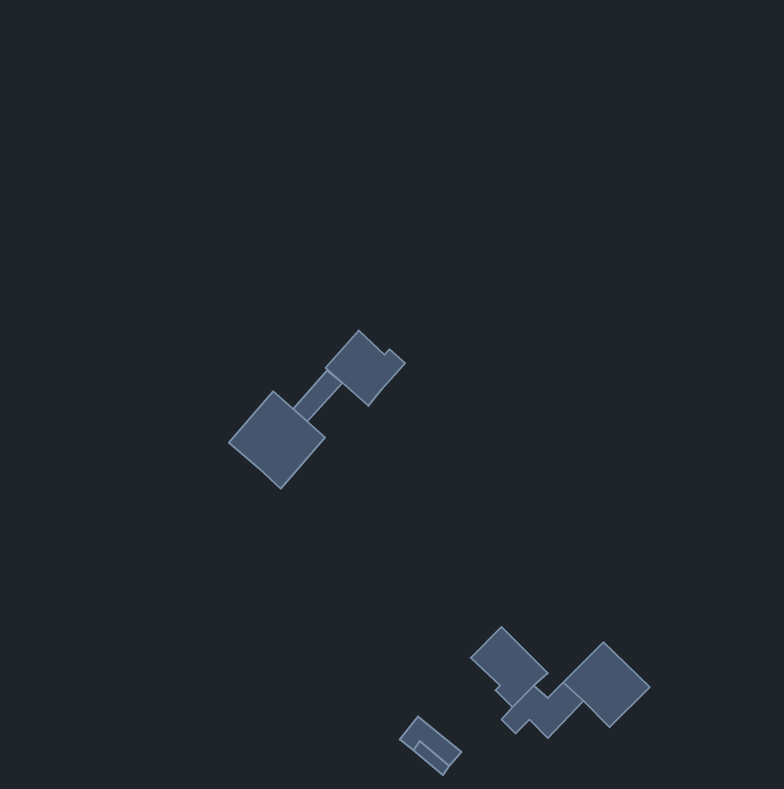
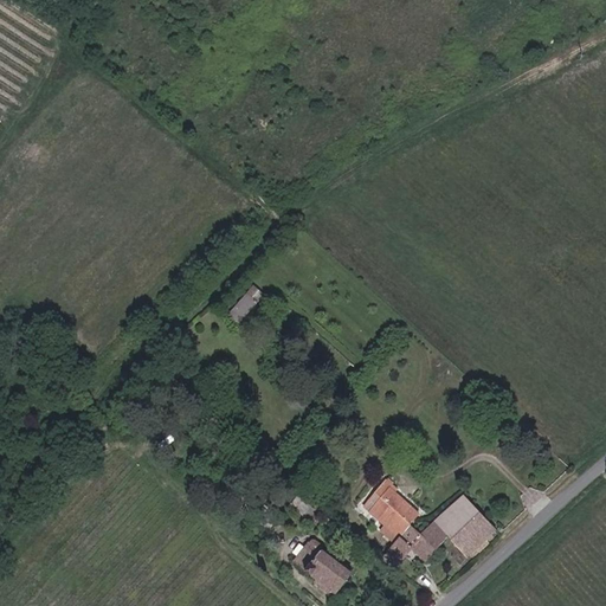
building: [326,330,405,406] -> none
building: [229,391,325,489] -> none

